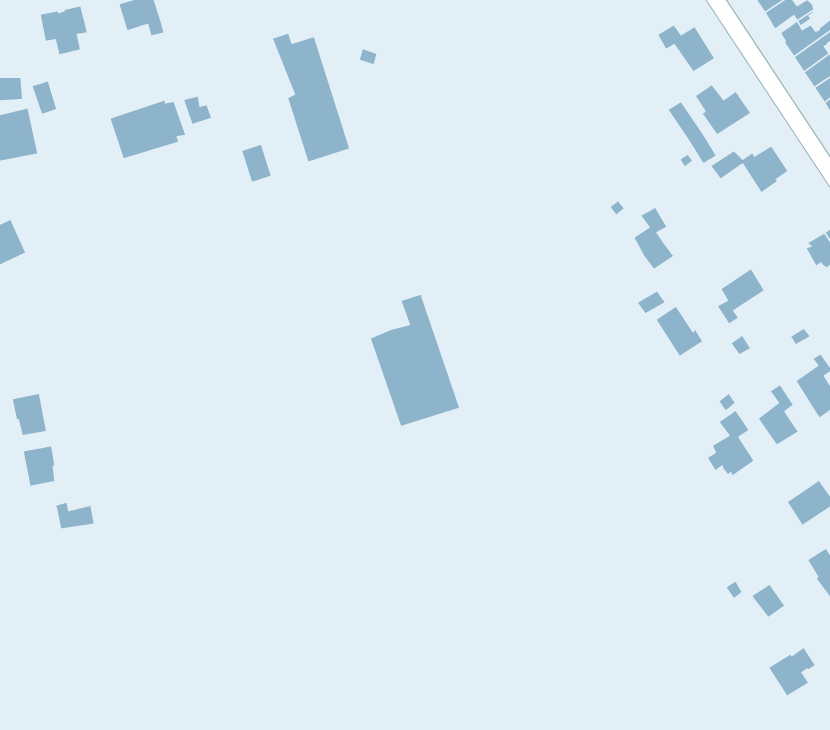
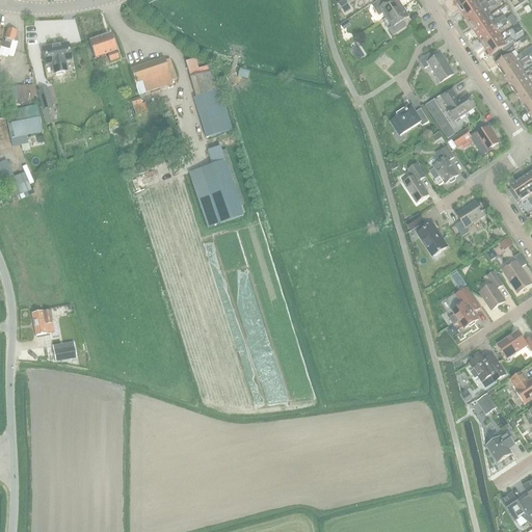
building: [109,99,186,159] -> [130,55,177,91]
building: none -> [392,103,429,133]
building: none -> [433,144,458,183]
building: [370,294,460,427] -> [188,143,243,224]
building: [12,393,47,436] -> none
building: none -> [470,352,506,379]

